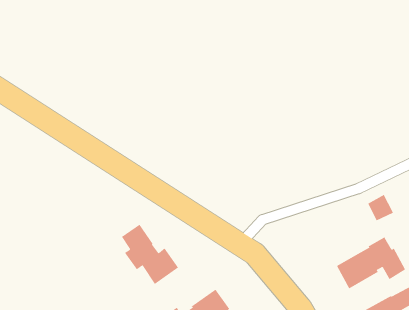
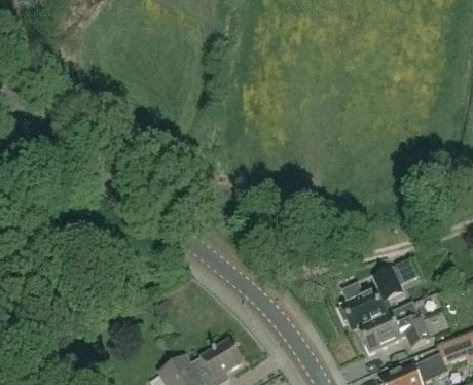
building: none -> [339,266,403,329]
building: [121,224,179,285] -> none

